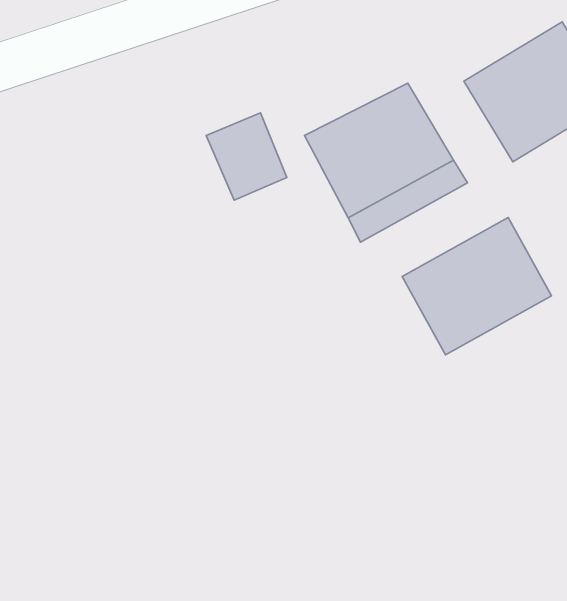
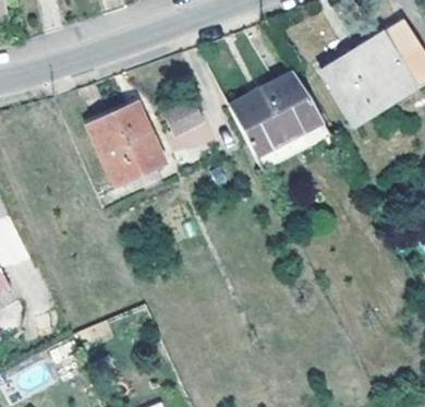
building: none -> [89,95,165,179]
building: [402,218,552,355] -> none

